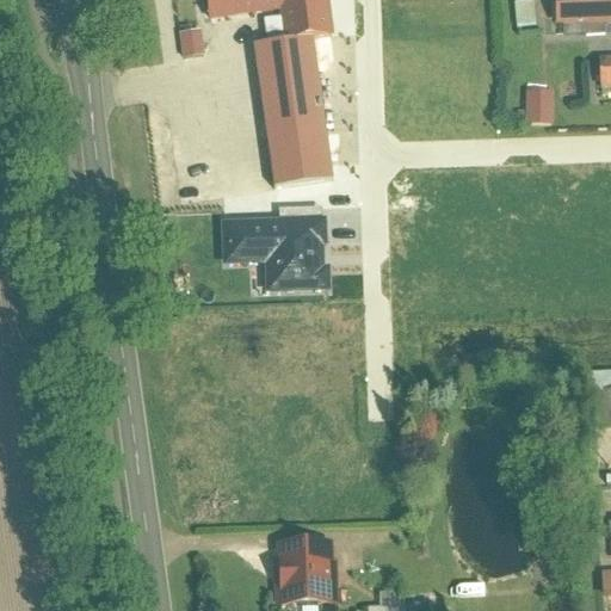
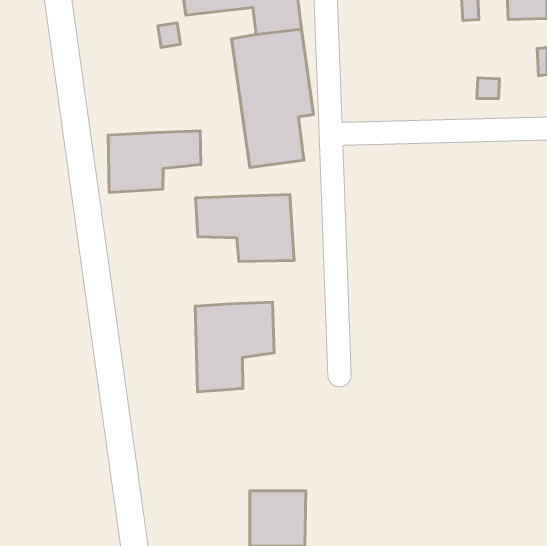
building: none -> [108,131,201,193]
building: none -> [195,302,274,392]

